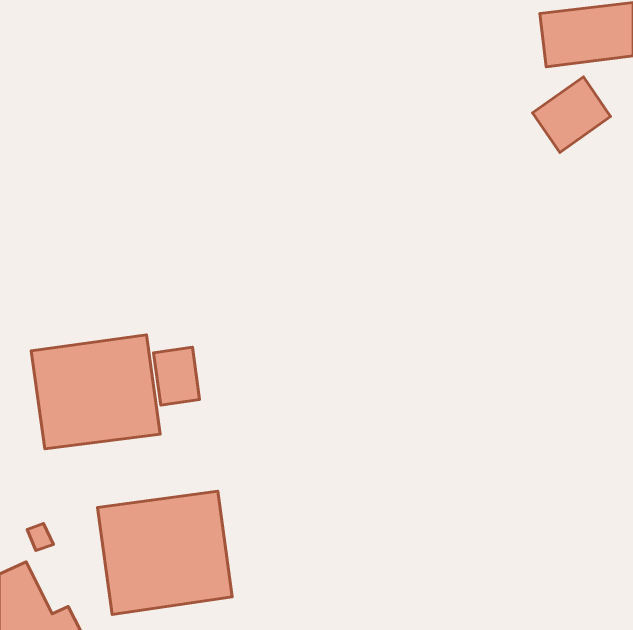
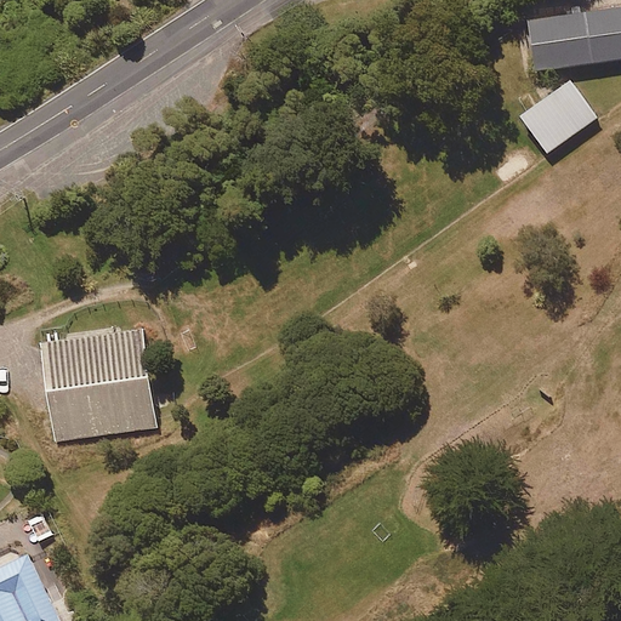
building: [154,347,200,405] -> none
building: [97,491,232,615] -> none

